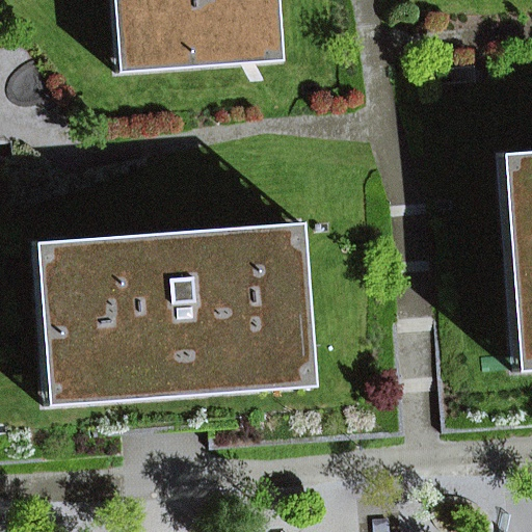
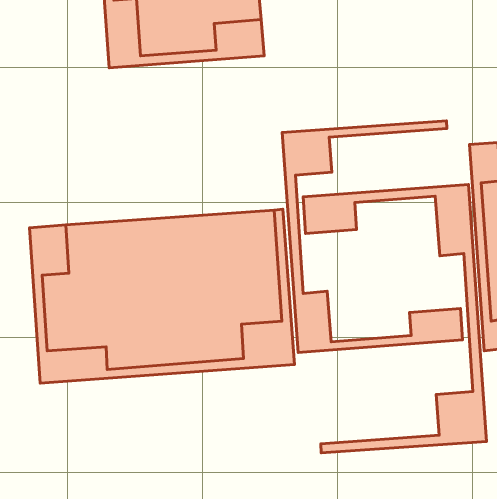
building: none -> [282,121,463,352]
building: none -> [303,185,487,453]

